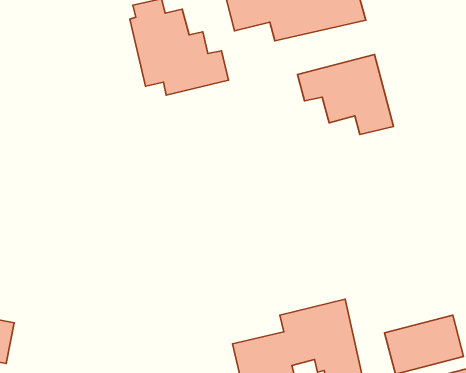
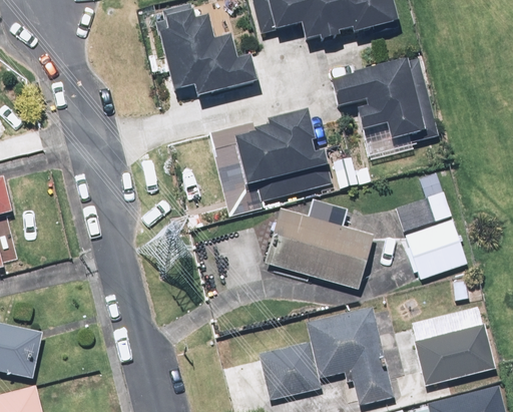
building: none -> [229,118,330,188]
building: none -> [397,192,465,278]
building: none -> [266,198,372,289]

